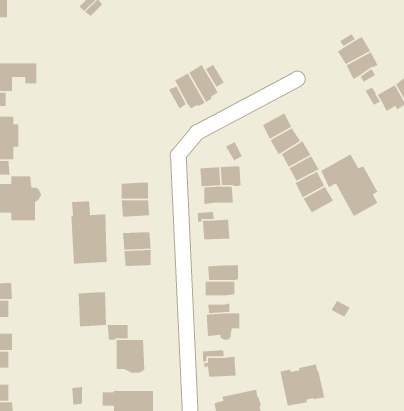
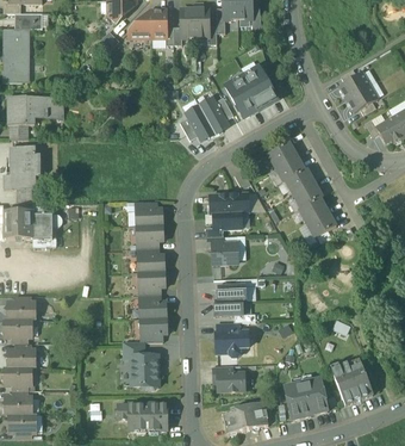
building: none -> [225,66,276,117]
building: [320,153,379,217] -> none
building: [70,201,107,264] -> none
building: [78,291,107,327] -> [139,301,167,334]
building: none -> [331,363,373,404]

